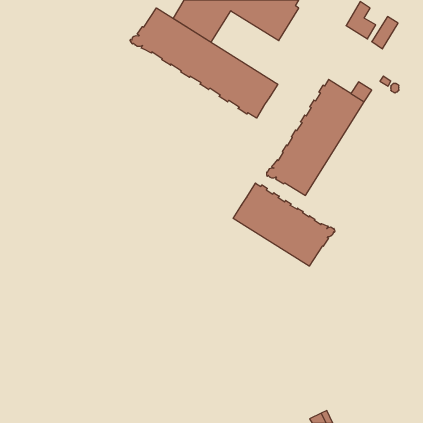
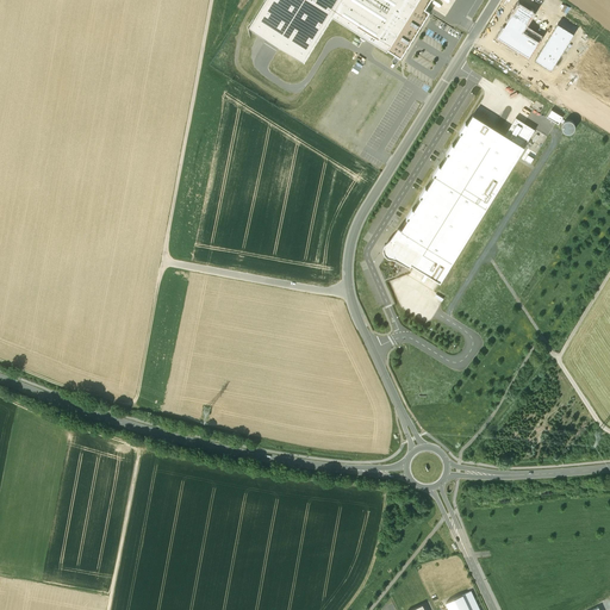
building: [130,8,278,118] -> none
building: [233,183,335,266] -> none

